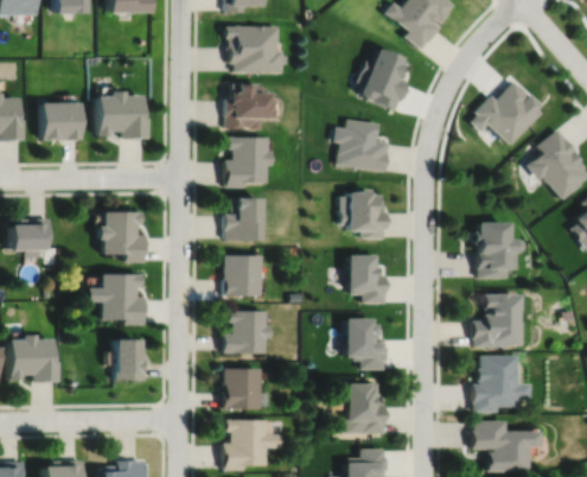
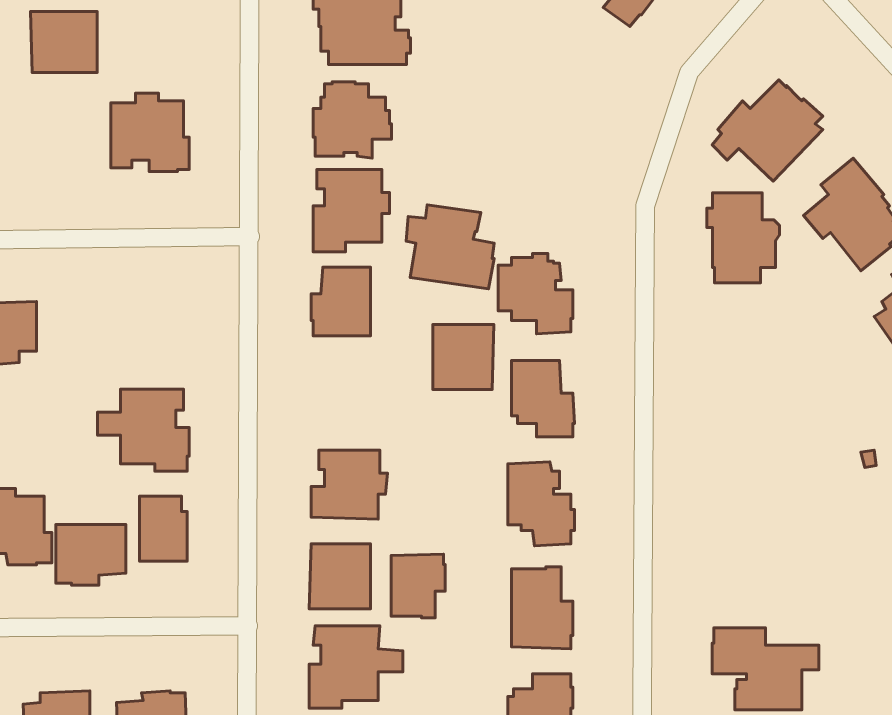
building: [357,46,408,109] -> none
building: [42,101,83,139] -> [30,11,97,73]
building: [333,119,388,171] -> [406,205,494,289]
building: [101,211,147,262] -> none
building: [473,222,518,278] -> [707,193,779,283]
building: [223,255,261,295] -> [433,324,494,389]
building: [472,293,521,348] -> none
building: [472,356,528,413] -> none
building: none -> [56,525,126,585]
building: none -> [391,554,445,618]

